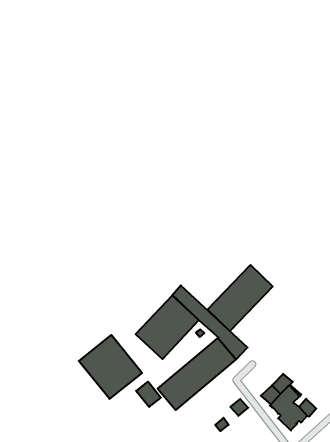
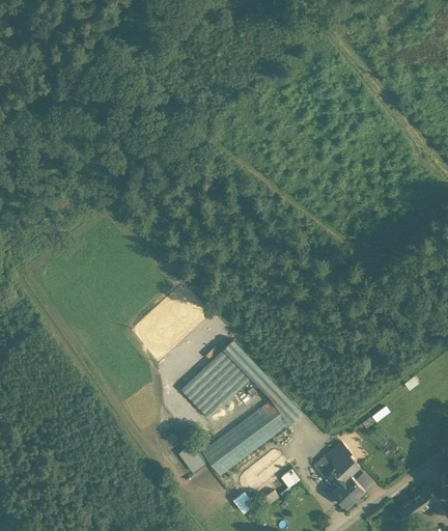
building: [207,265,273,331] -> none
building: [79,335,142,399] -> none

